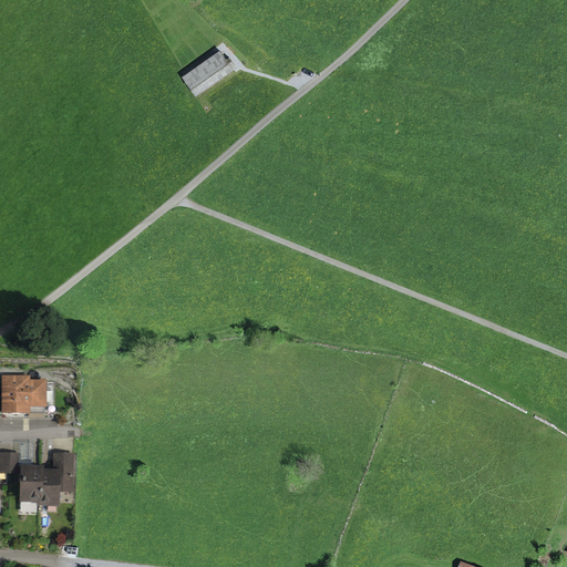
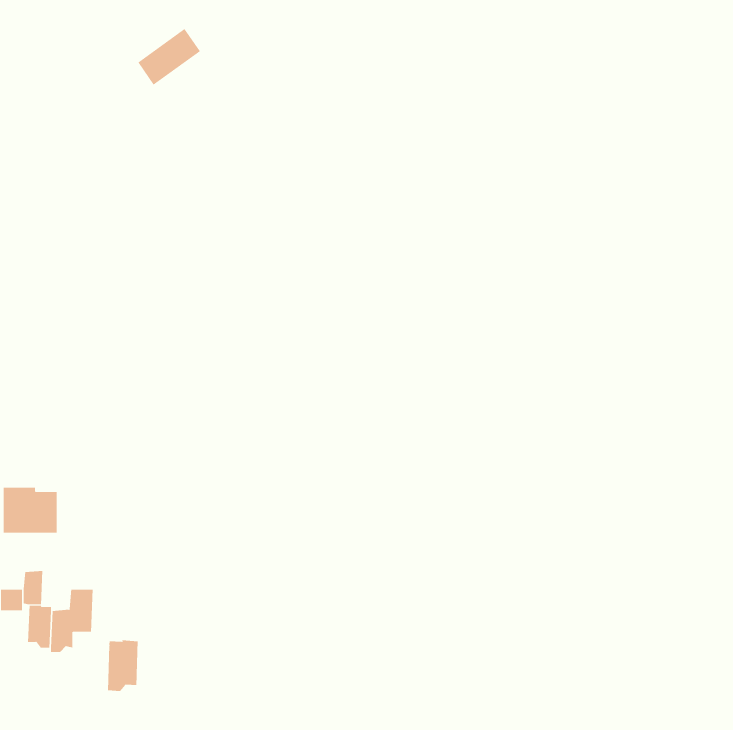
building: [184,49,233,93] -> [137,28,201,86]
building: none -> [107,640,138,692]

